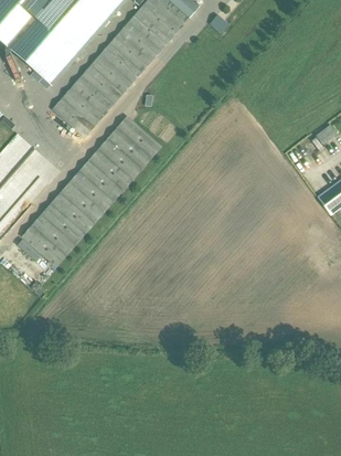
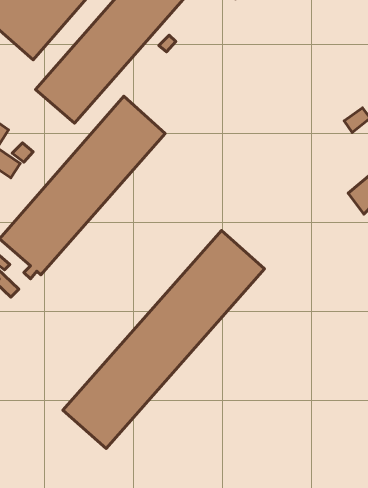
building: none -> [63,230,265,448]

